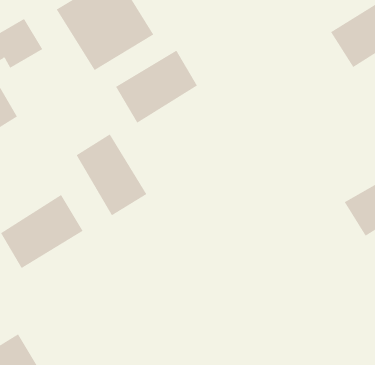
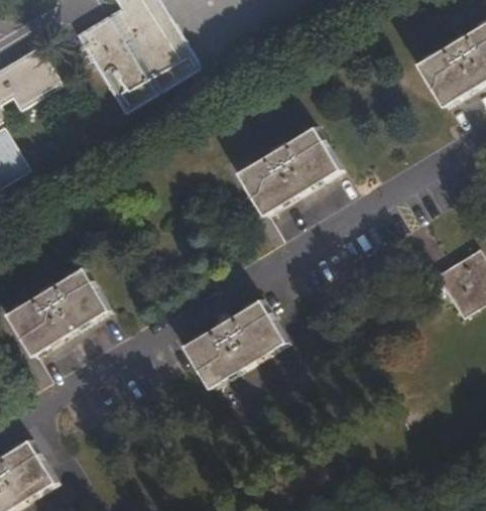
building: [115,50,198,123] -> [238,127,341,219]
building: [76,133,147,216] -> none
building: none -> [184,299,287,391]

